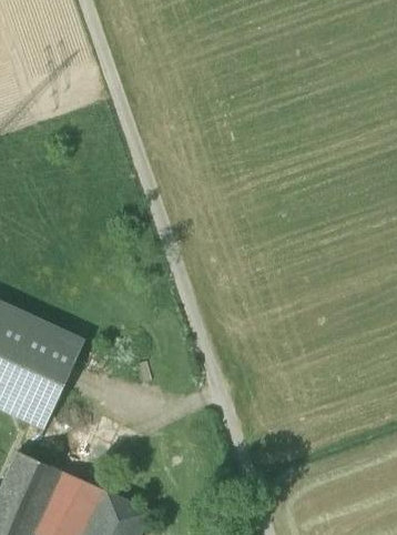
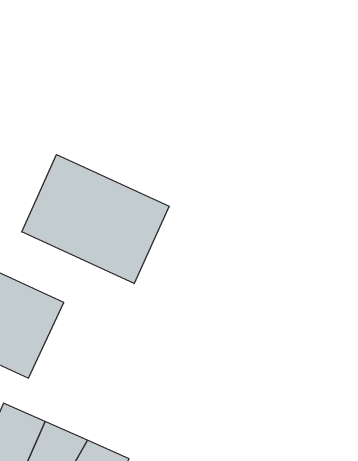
building: none -> [22,155,169,284]

